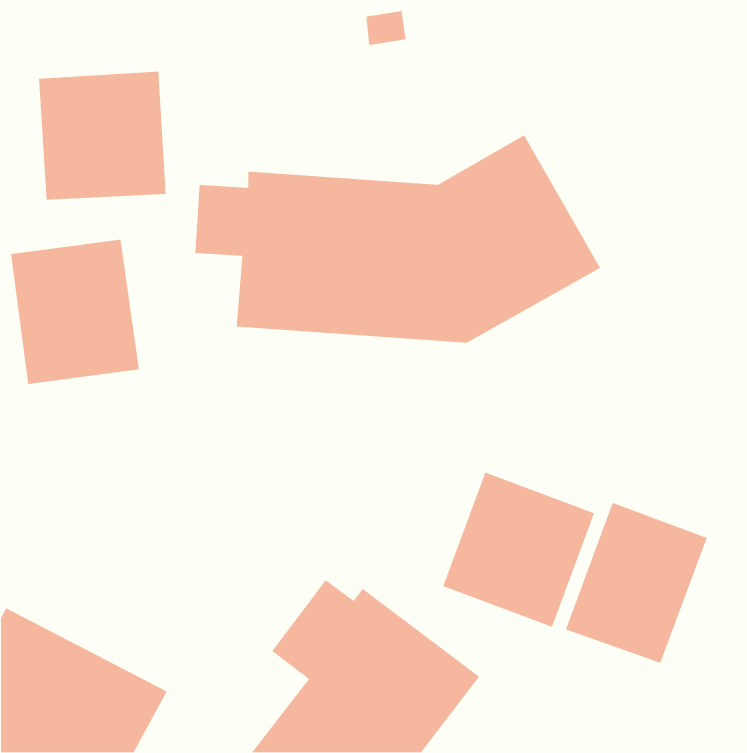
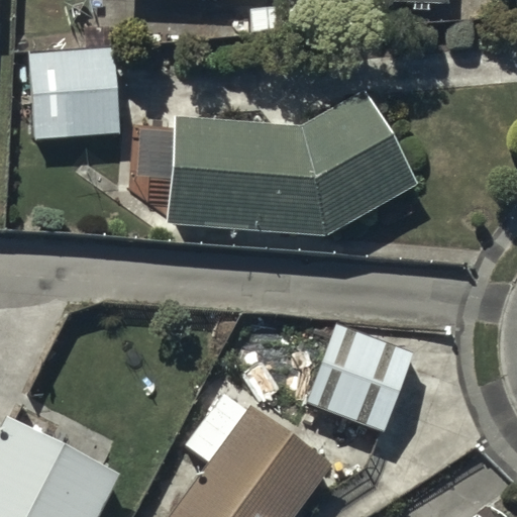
building: [10,239,140,385] -> none
building: [565,502,708,664] -> none

